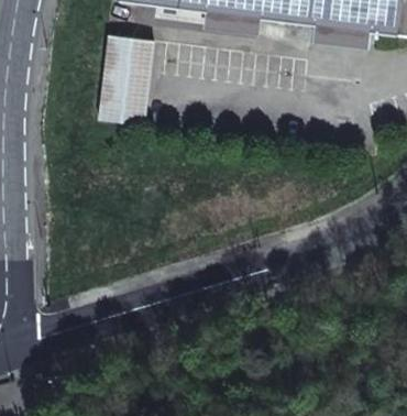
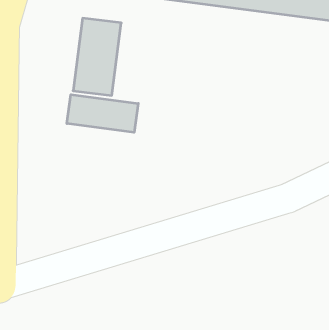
building: none -> [67,95,138,132]

